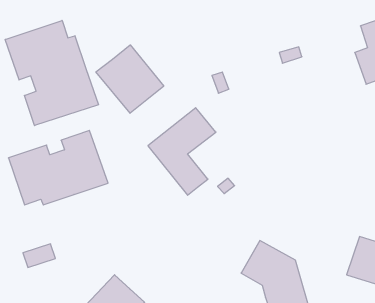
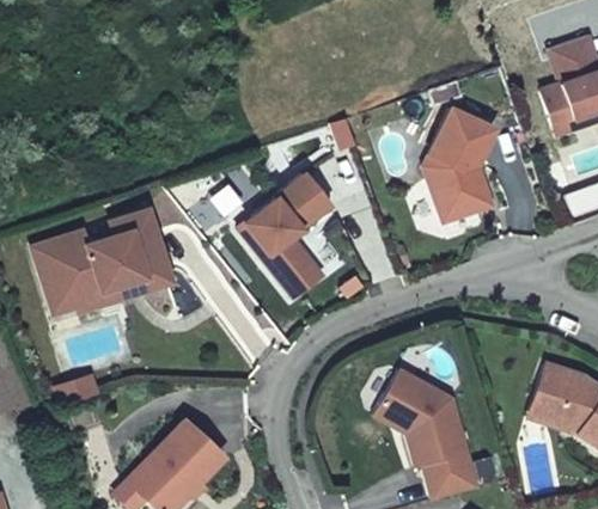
building: [5,20,98,126] -> none
building: [96,45,164,113] -> none
building: none -> [421,103,499,225]

